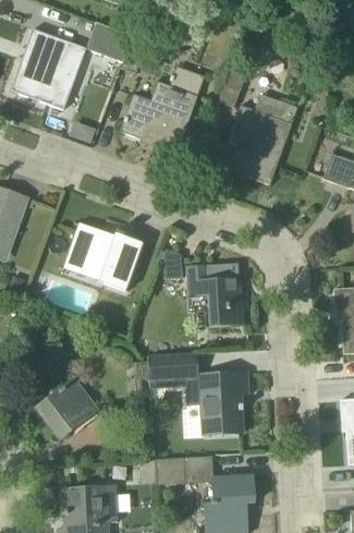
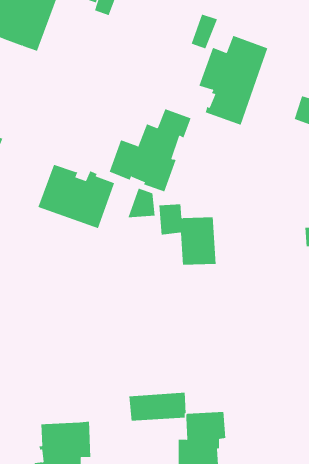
building: [120,65,204,150] -> [109,108,192,192]
building: [147,352,247,434] -> none
building: [35,379,96,438] -> none

